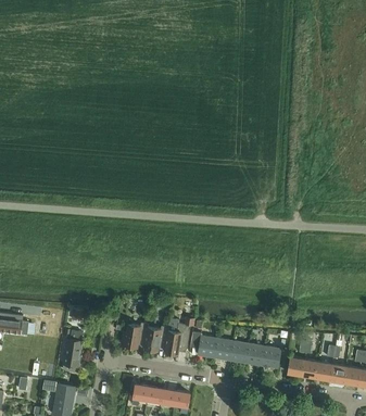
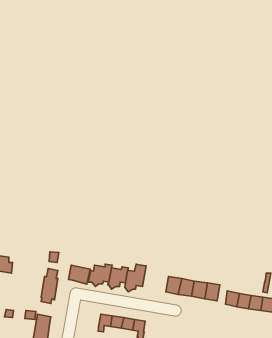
building: none -> [68,265,90,284]
building: [190,331,217,357] -> none

